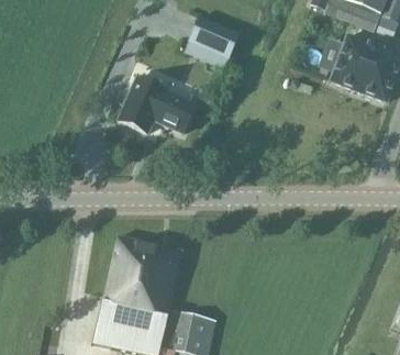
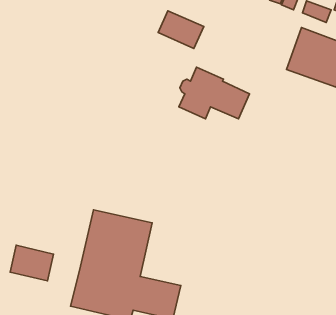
building: [118,76,196,133] -> [179,67,249,119]
building: none -> [10,245,54,281]

